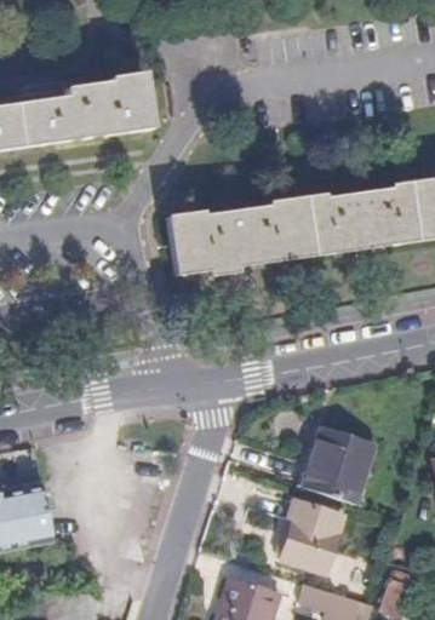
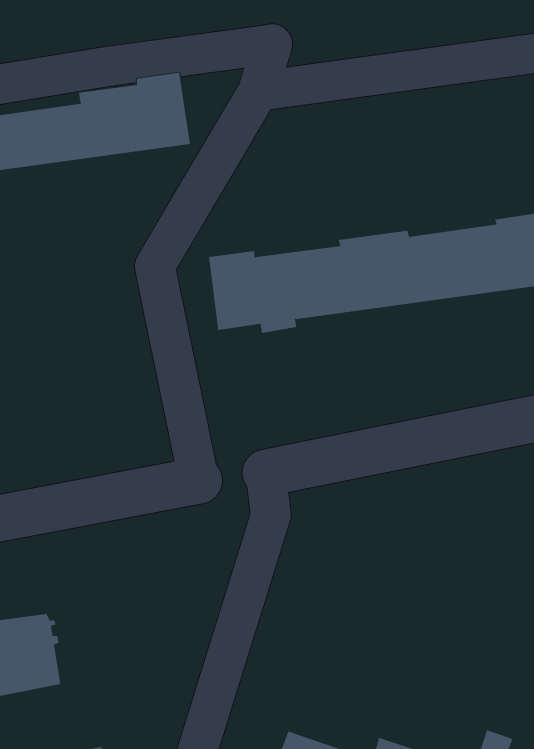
building: [303,430,373,504] -> none
building: [280,501,343,575] -> none

